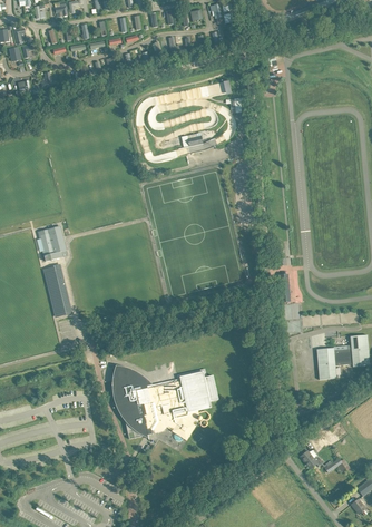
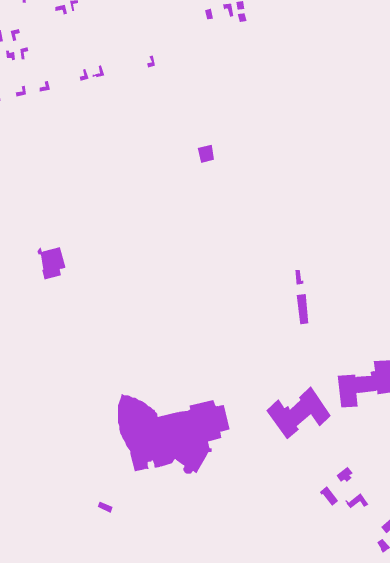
building: [45,266,71,316] -> none
building: none -> [266,385,332,440]

